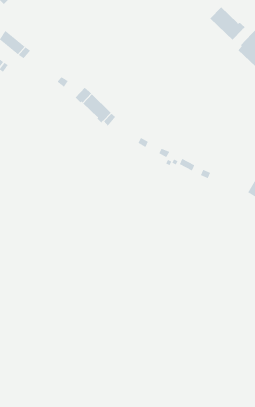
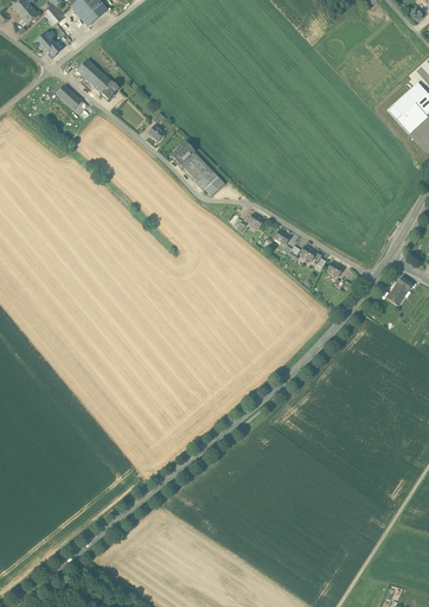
building: [209,7,246,40] -> none

